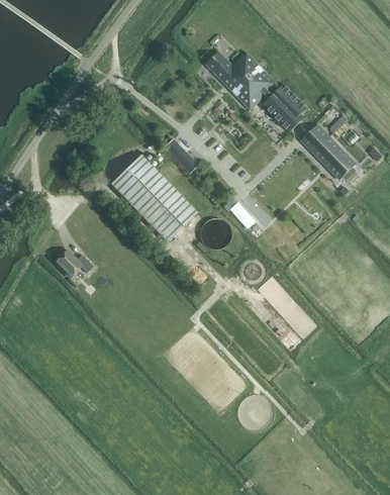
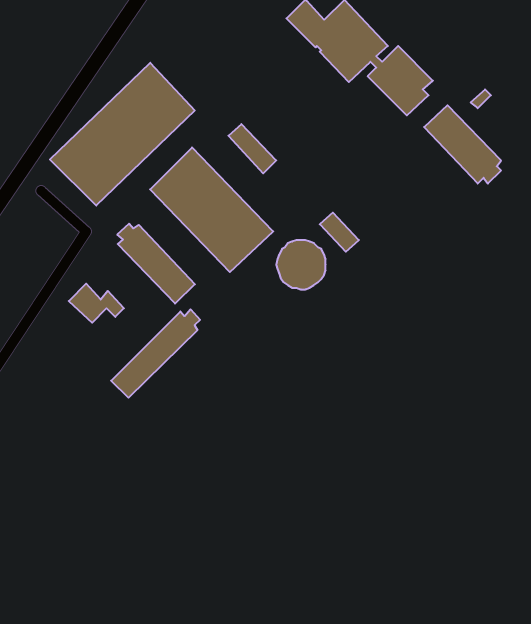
building: none -> [50,63,195,206]
building: none -> [117,224,195,304]
building: none -> [111,309,200,398]

